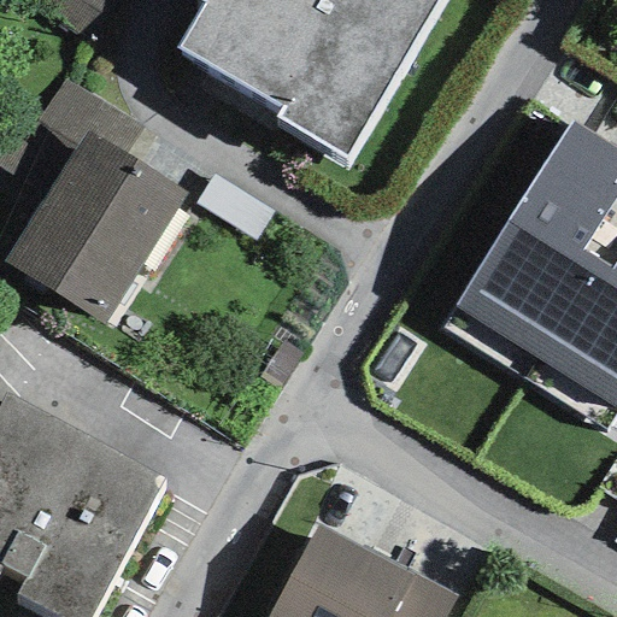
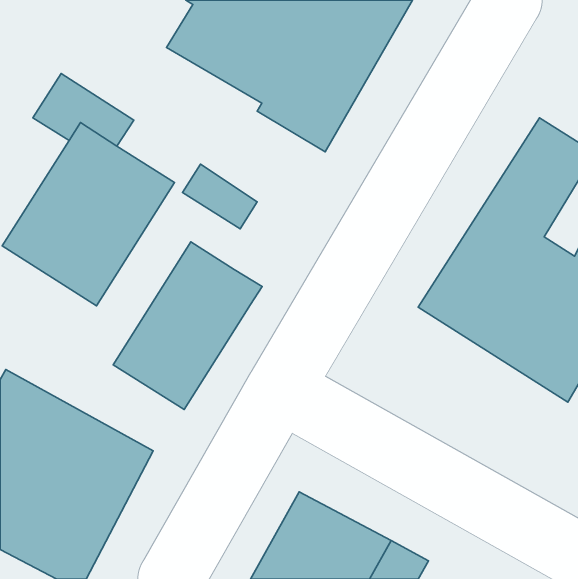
building: none -> [113,242,262,409]

